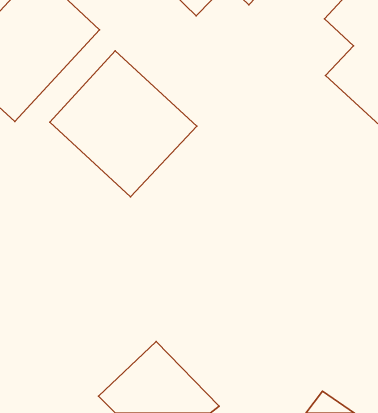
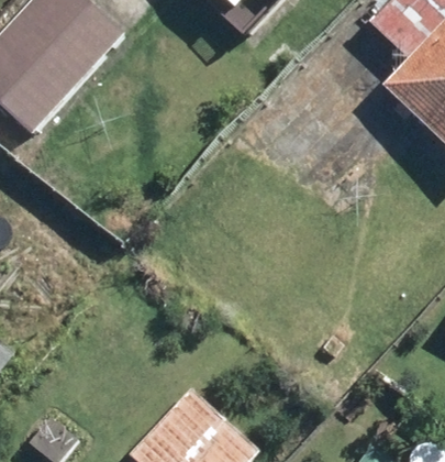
building: [50,51,197,197] -> none

